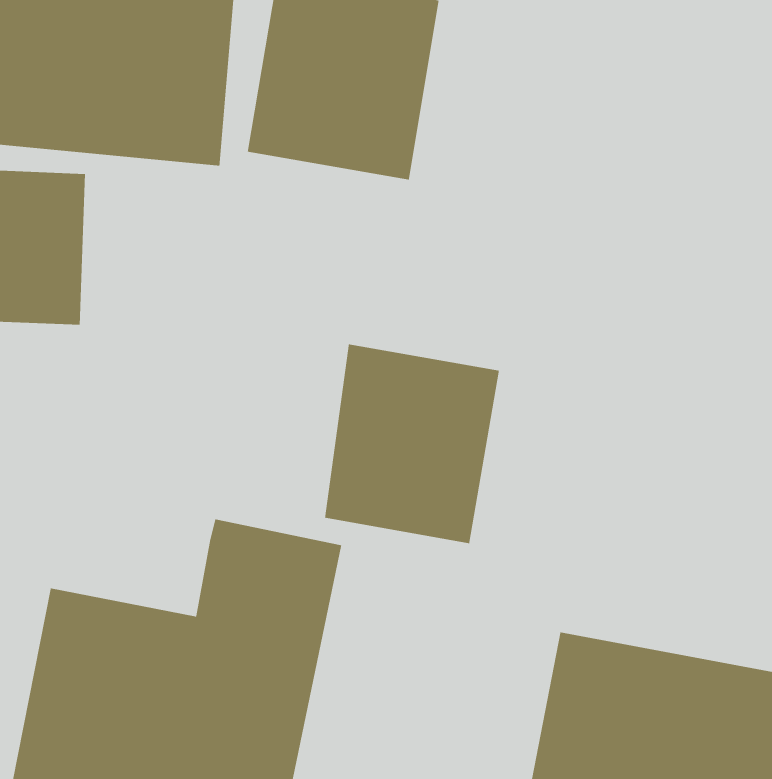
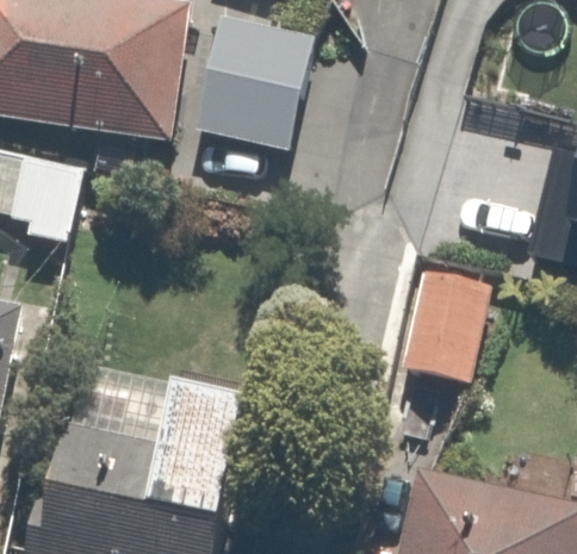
building: [324,344,500,544] -> none
building: none -> [390,276,497,387]

